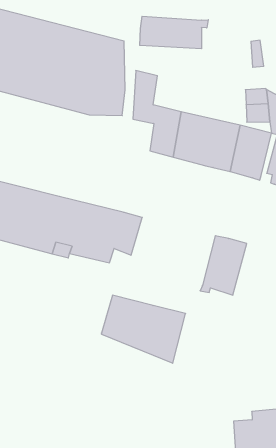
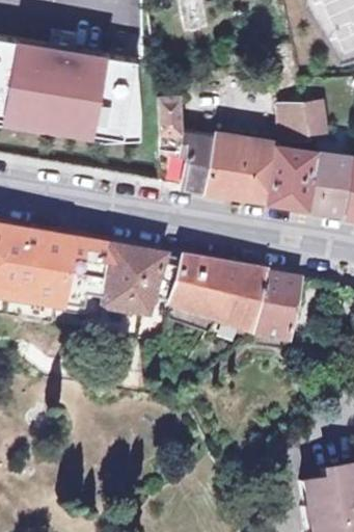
building: [140,16,208,49] -> none
building: [101,295,186,363] -> [170,259,264,330]

